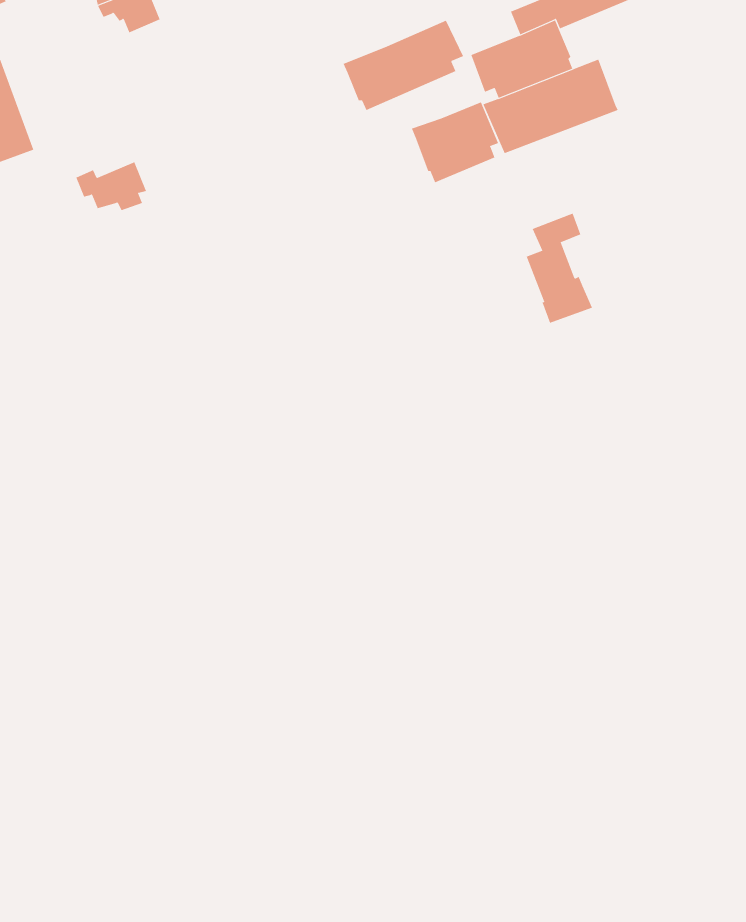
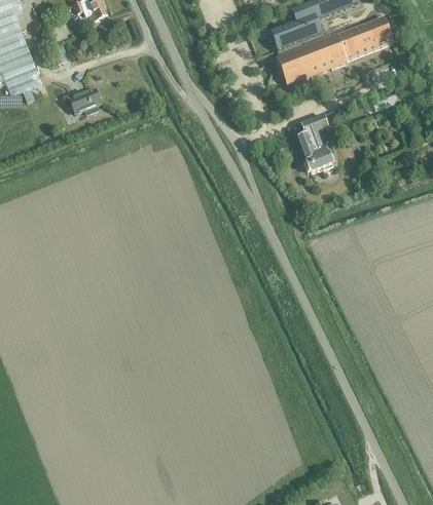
building: [343,20,464,111] -> none
building: none -> [335,15,391,59]
building: [411,101,499,183] -> none

